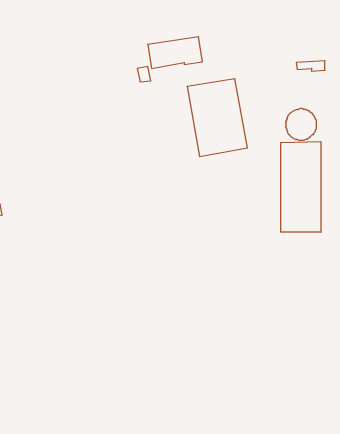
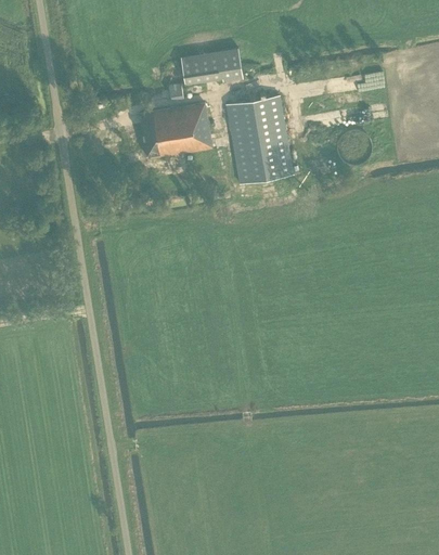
building: none -> [141,102,211,157]
building: [281,142,321,232] -> none

